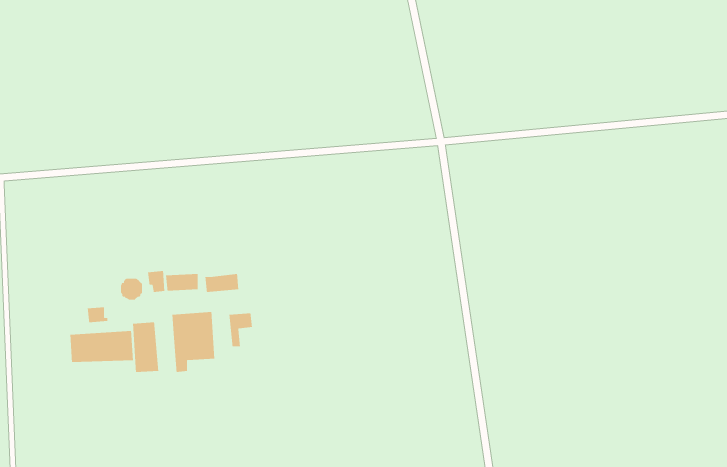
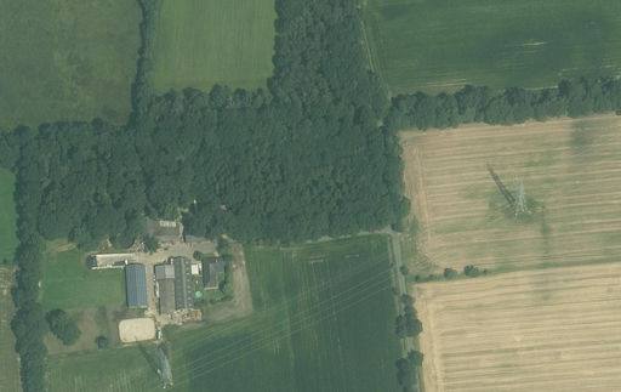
building: [69,330,134,363] -> none

